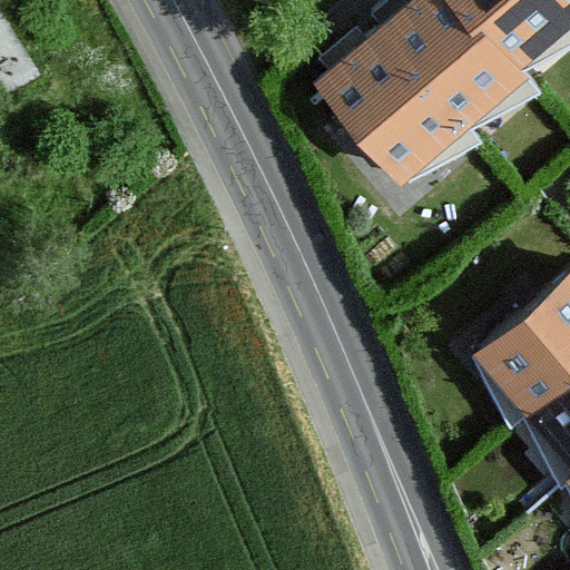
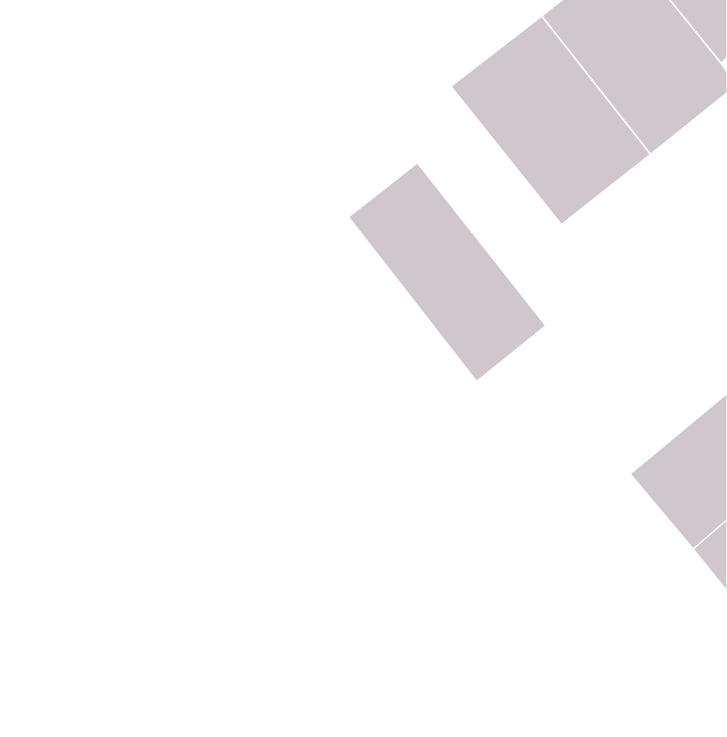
building: none -> [349,163,546,381]

